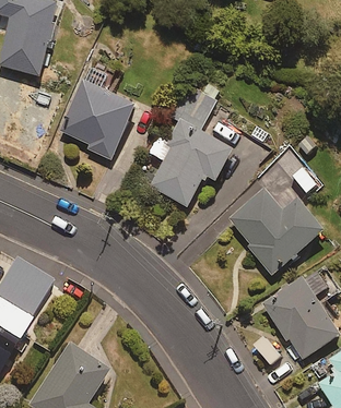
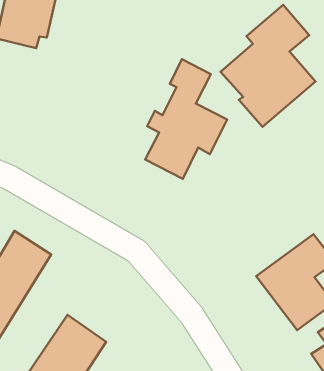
building: [59,58,134,159] -> none
building: [228,151,325,274] -> [221,5,315,127]

